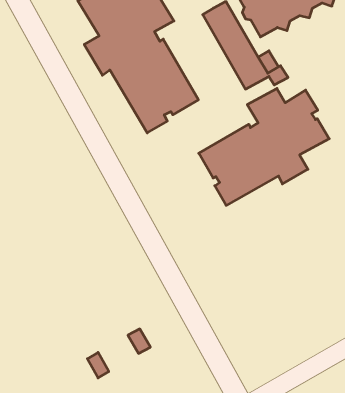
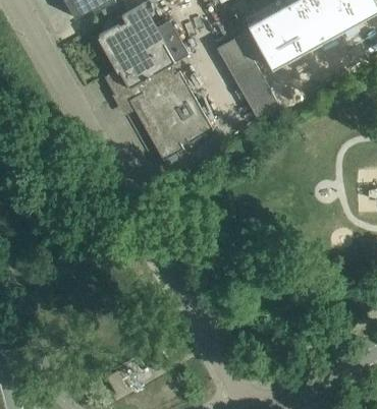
building: [199,88,329,205] -> none

